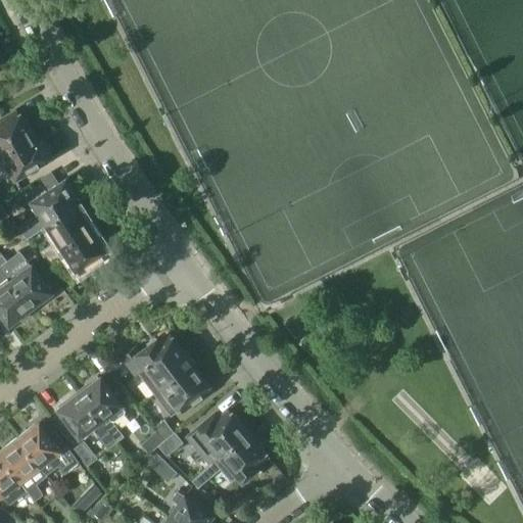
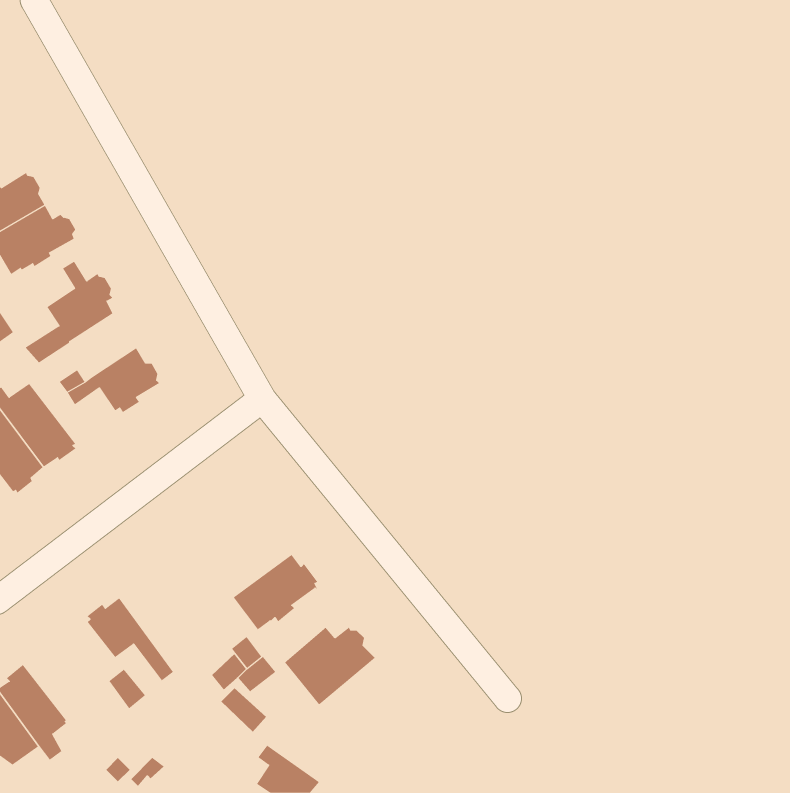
building: [46,206,90,248] -> none
building: [122,335,193,393] -> none
building: [79,375,128,442] -> none
building: [15,424,77,474] -> none
building: [201,433,264,481] -> none

